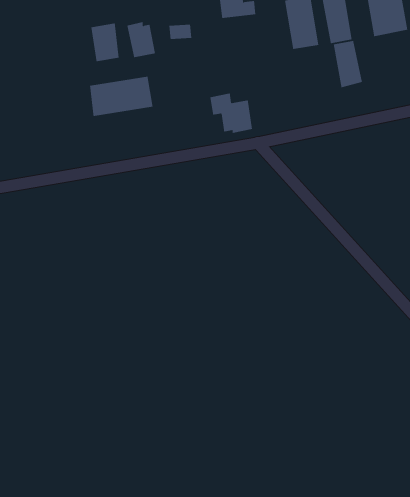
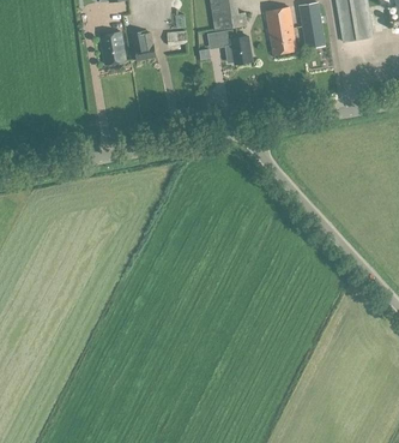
building: [333,40,363,88] -> none
building: [89,76,153,117] -> none
building: [210,93,253,133] -> [214,29,252,64]

